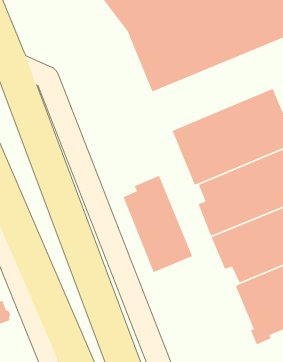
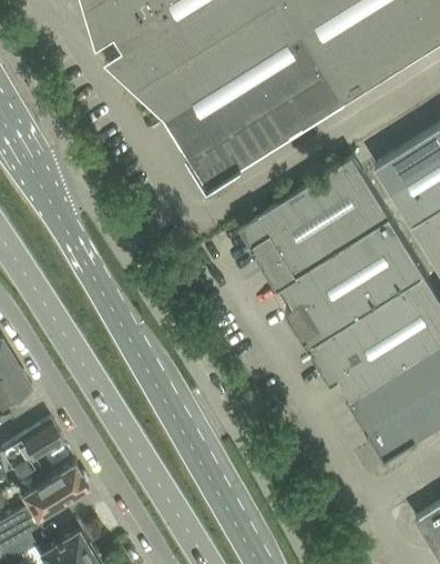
building: [122,175,193,273] -> none

